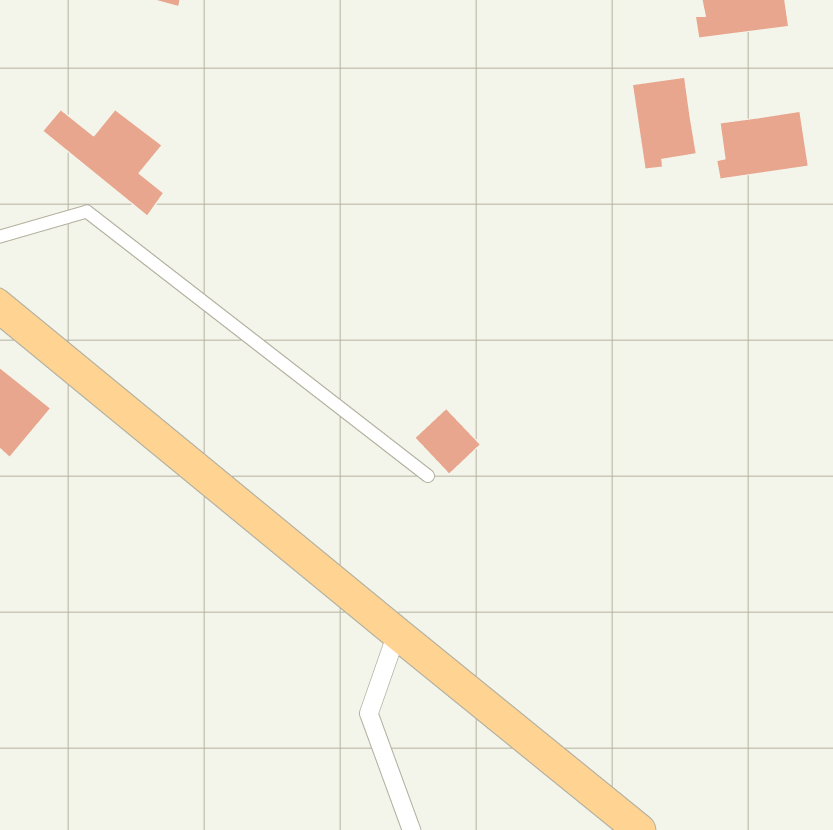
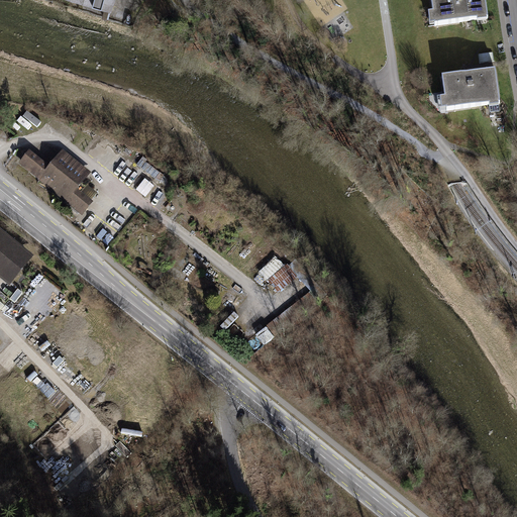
building: [633,77,696,169] -> none
building: [43,110,164,216] -> [15,145,90,211]

